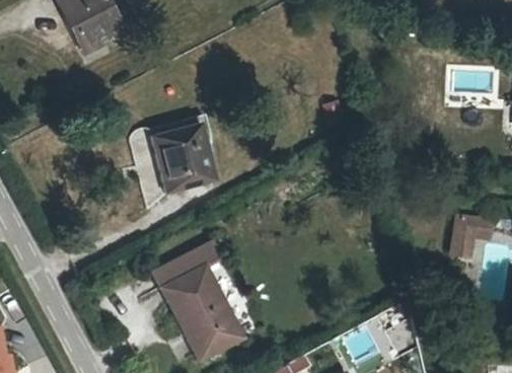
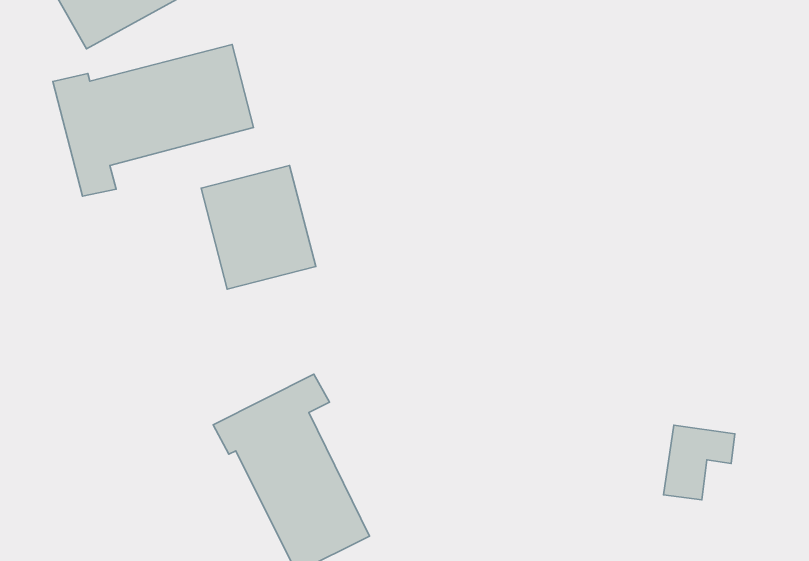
building: none -> [53,44,254,196]
building: [450,215,492,258] -> [663,425,735,500]

